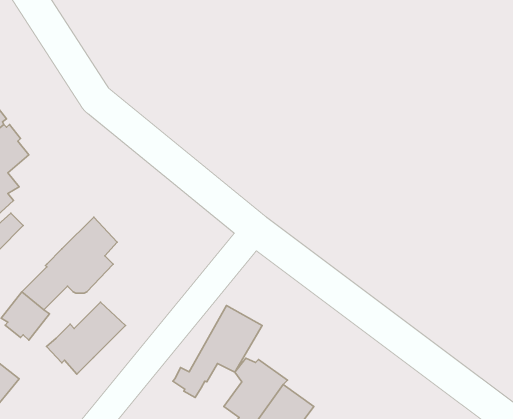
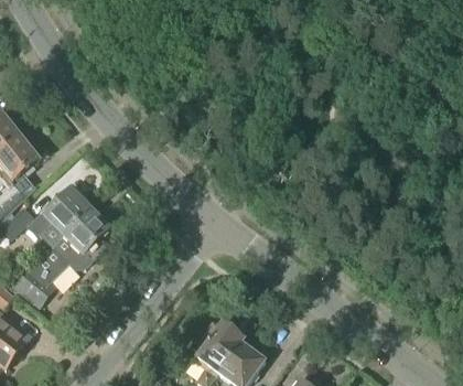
building: [47,302,125,374] -> [28,190,90,247]
building: [173,305,262,398] -> none

